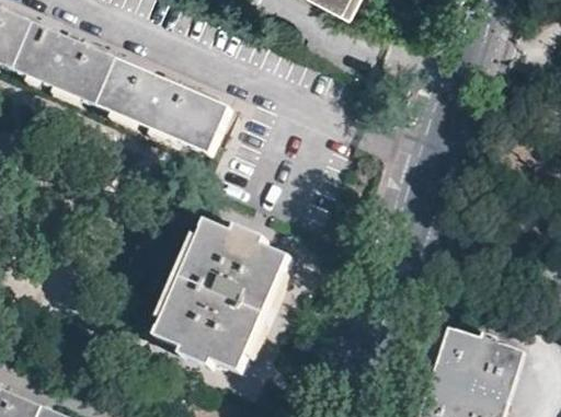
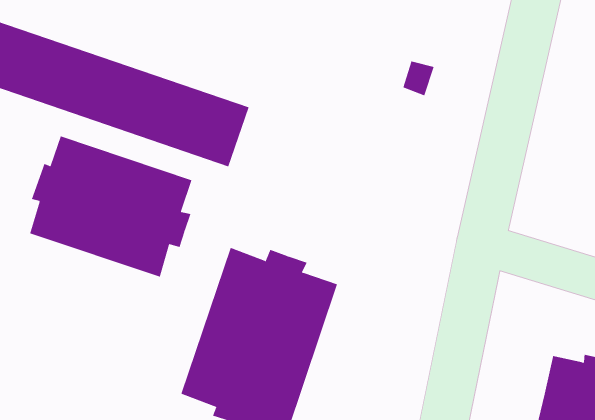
building: none -> [29,136,192,277]

